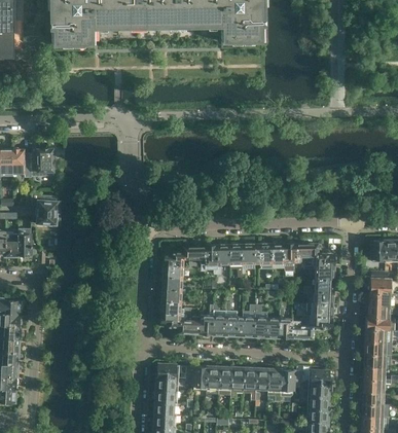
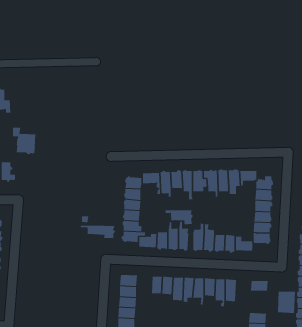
building: [31,149,55,176] -> none
building: none -> [165,209,193,225]
building: none -> [80,225,116,239]
building: [307,384,329,409] -> [277,291,296,313]

